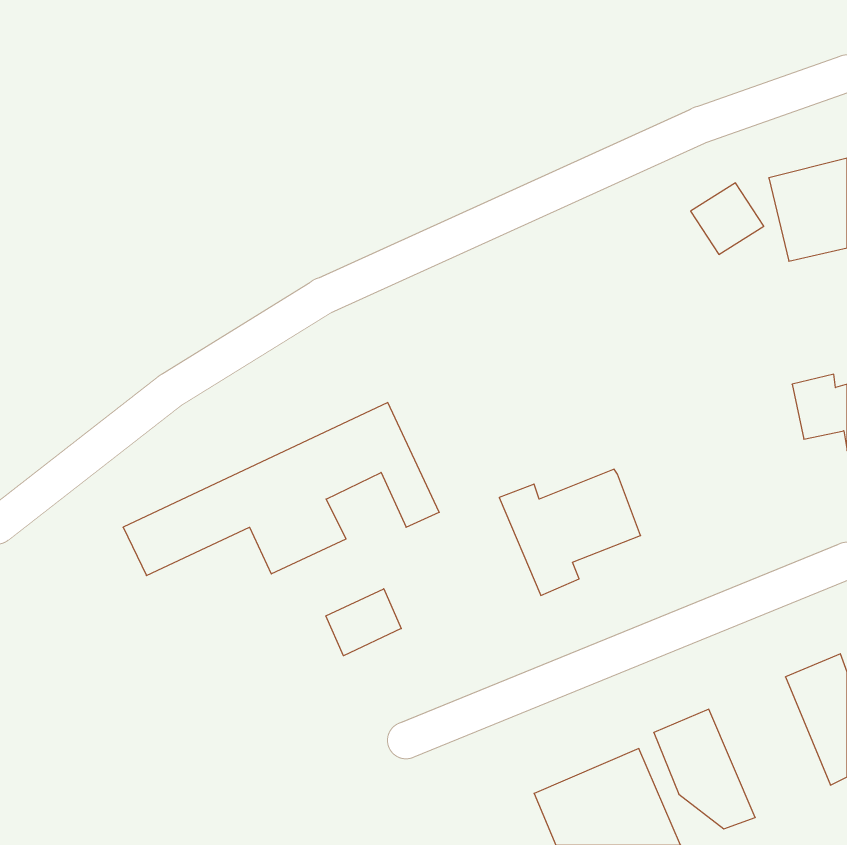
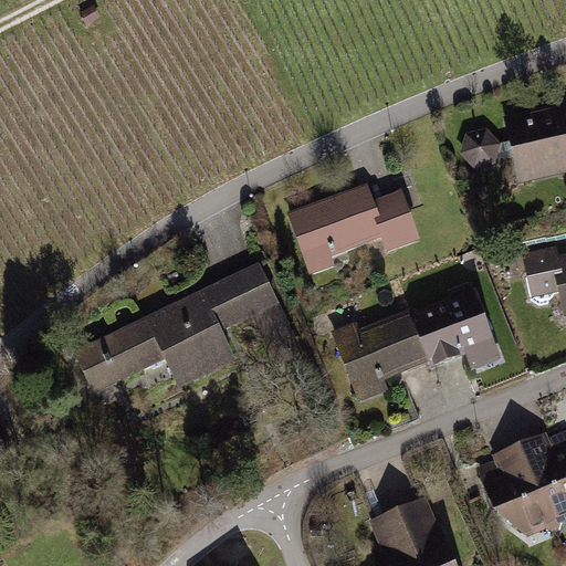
building: none -> [292,188,411,266]
building: none -> [410,292,496,363]
building: [326,589,401,656] -> none
building: [654,709,755,829] -> [484,450,552,530]

